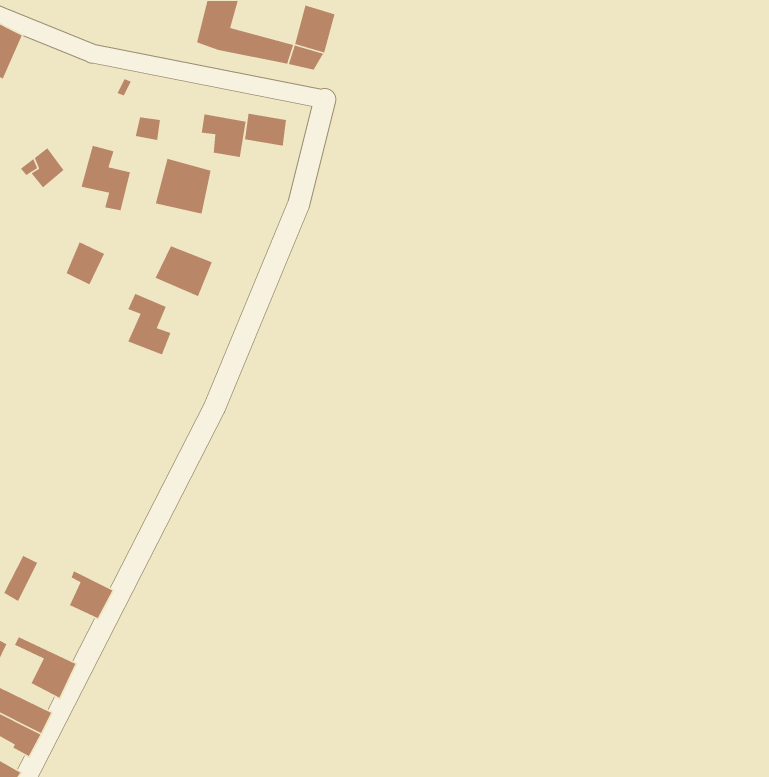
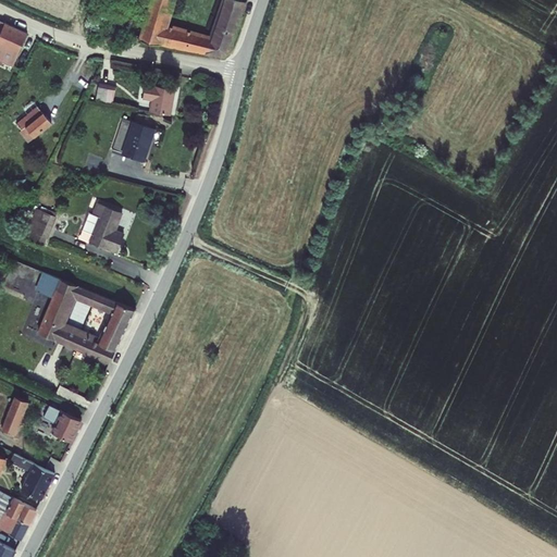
building: [244,113,287,147] -> none
building: [81,145,131,211] -> none
building: [65,241,105,286] -> [28,211,57,243]
building: [155,245,213,297] -> none
building: none -> [36,275,134,366]

